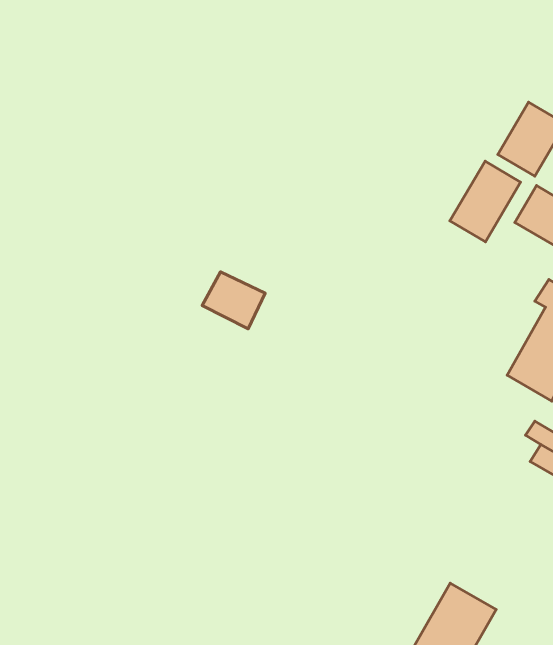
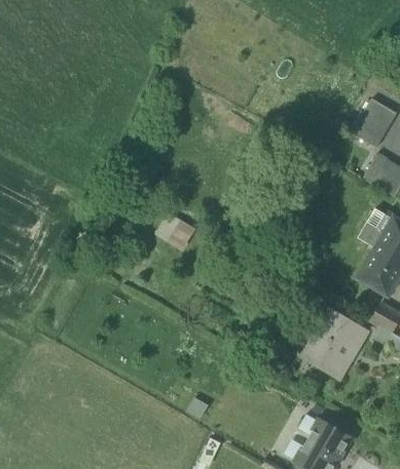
building: [450,161,521,242] -> none
building: none -> [300,308,368,377]

